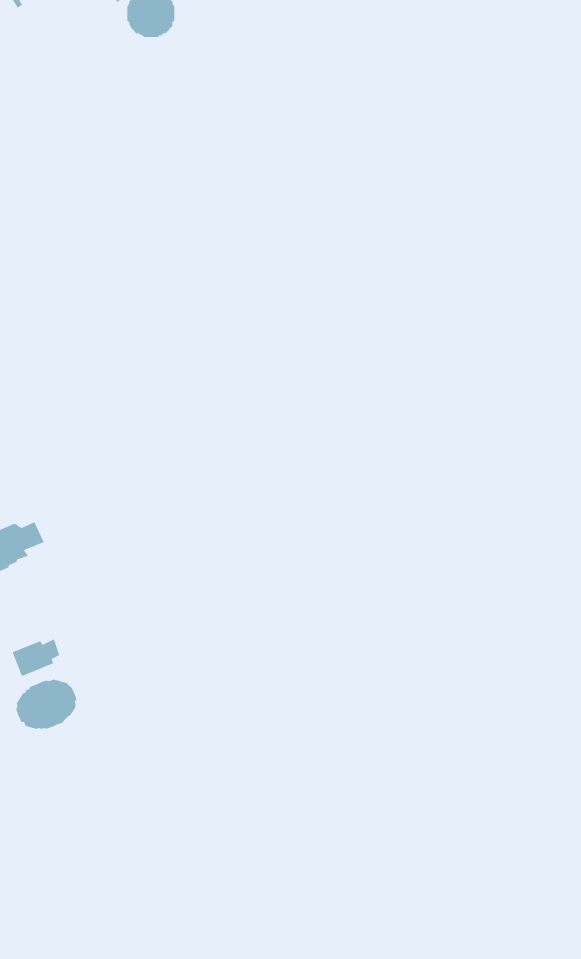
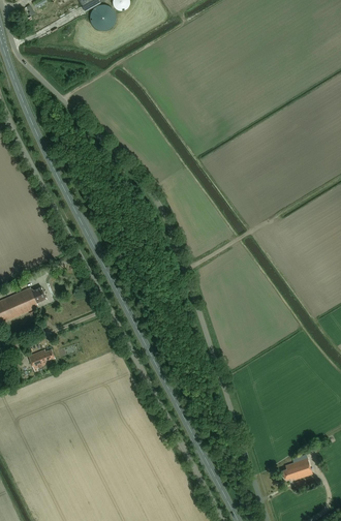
building: [16,679,77,730] -> none
building: none -> [282,454,313,479]

